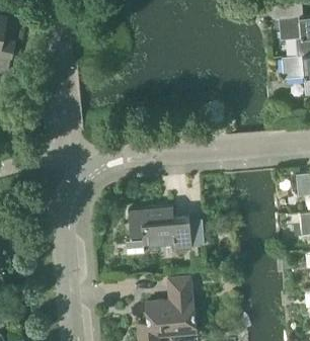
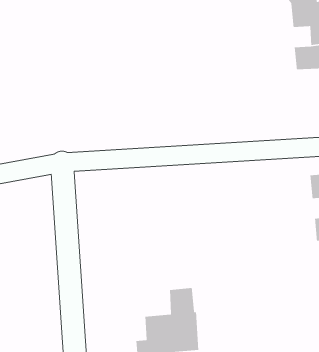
building: [126,208,191,257] -> none

